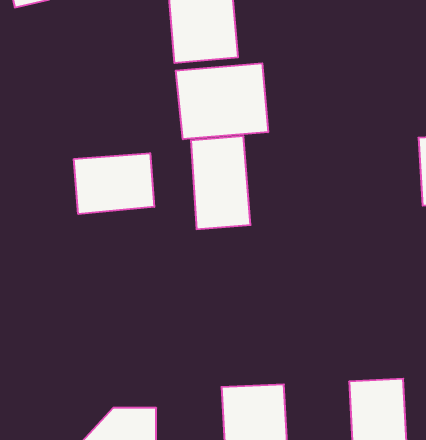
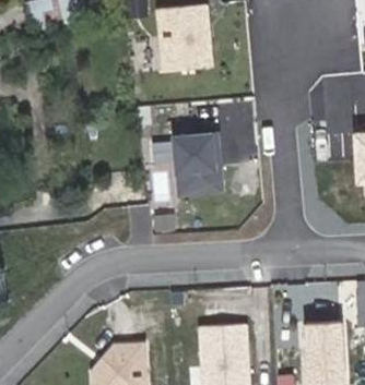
building: [176,63,268,139] -> none
building: [74,153,154,214] -> none

